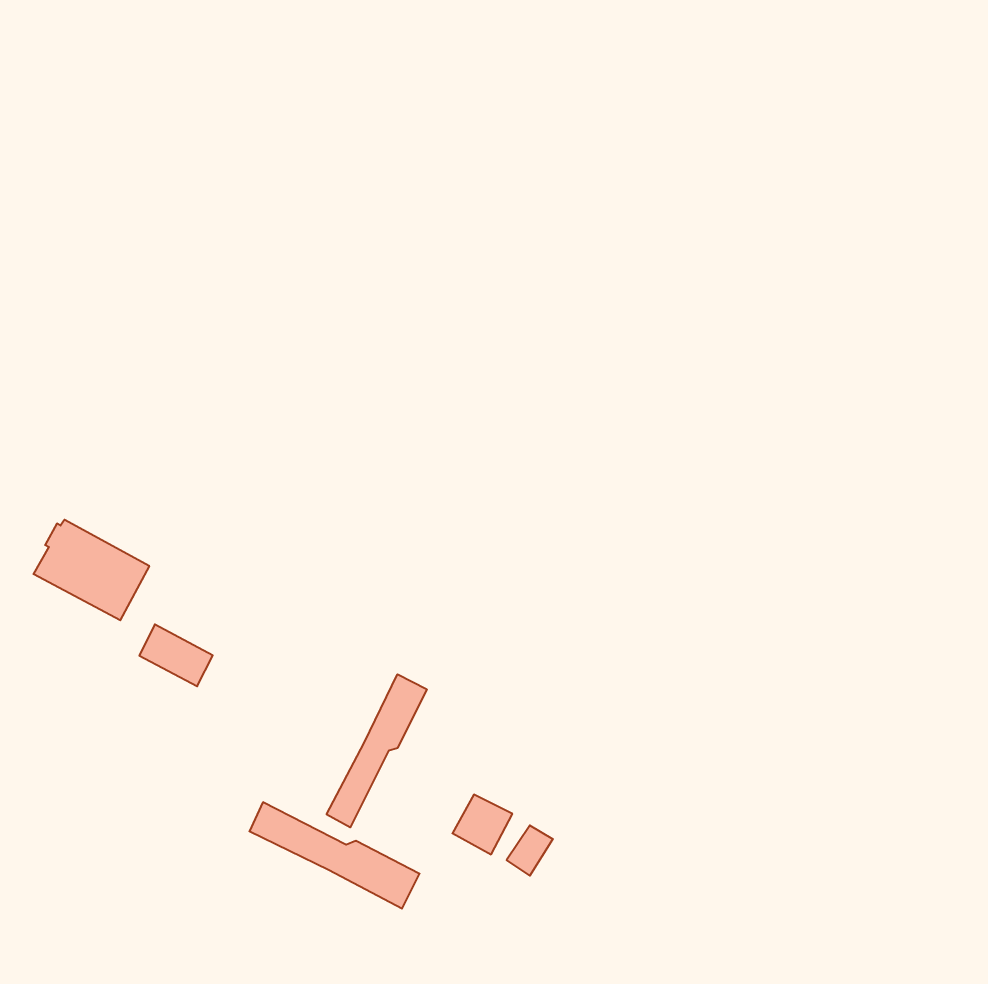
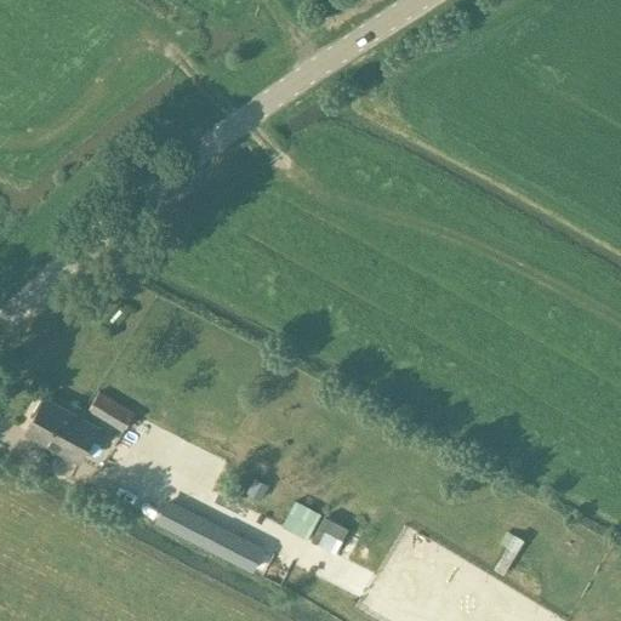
building: [33,520,149,620] -> [25,400,98,463]
building: [327,674,427,827] -> none

